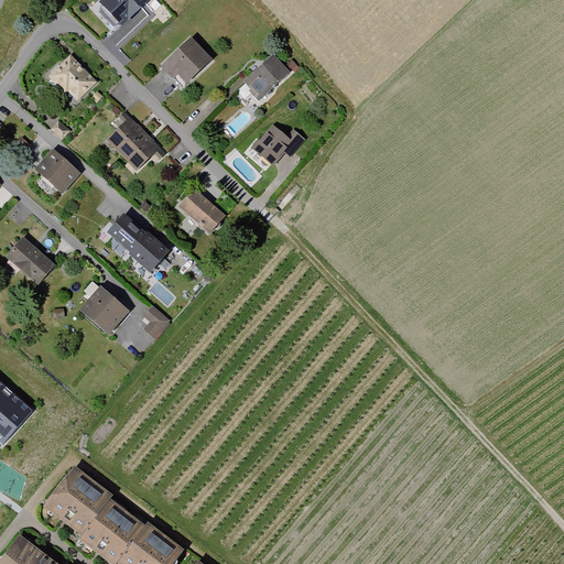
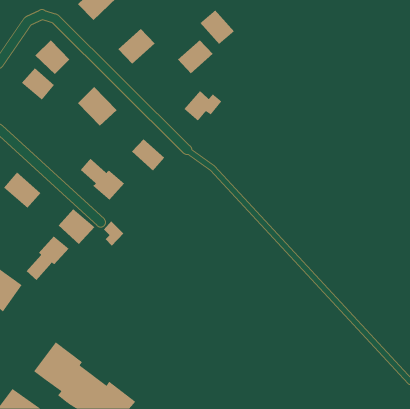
building: none -> [200,10,235,45]
building: [33,149,79,194] -> [21,68,55,101]
building: none -> [26,236,69,281]

